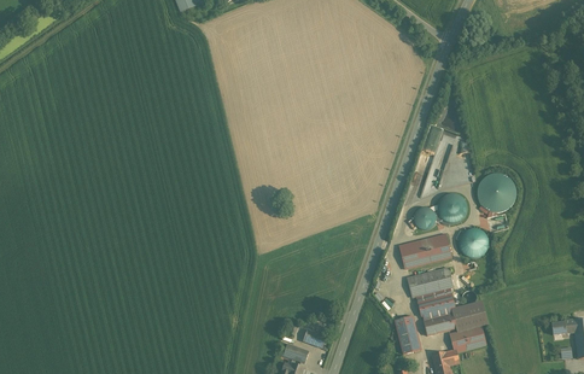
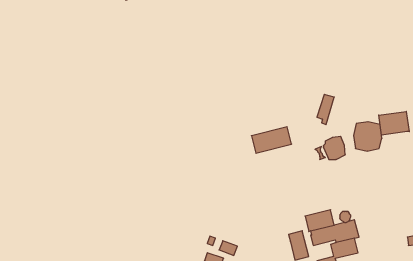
building: none -> [379,111,409,135]
building: [457,226,490,256] -> none
building: [398,233,451,268] -> [251,127,292,153]
building: [405,267,451,297] -> none

